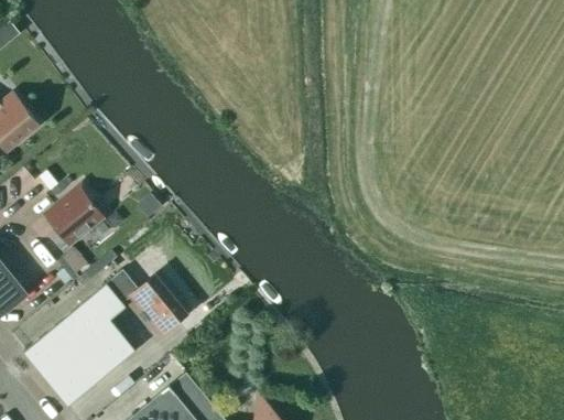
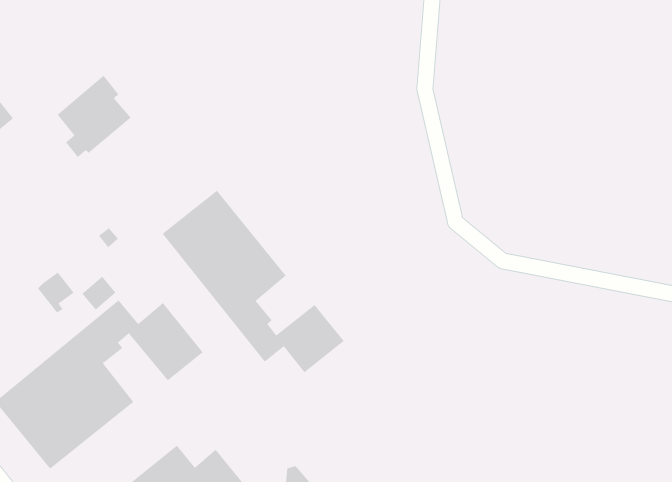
building: none -> [162,190,344,373]
building: [44,183,104,249] -> [57,75,132,158]

